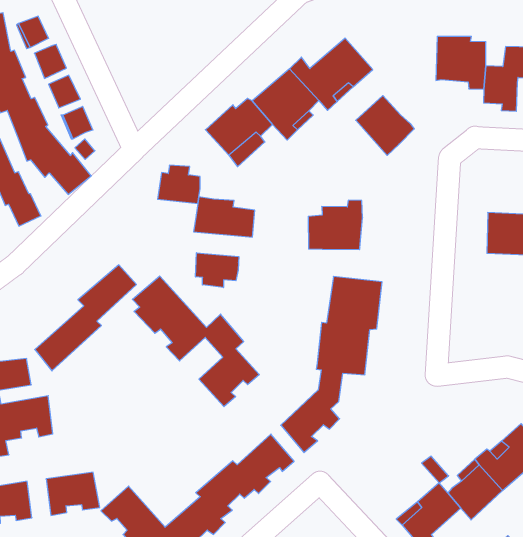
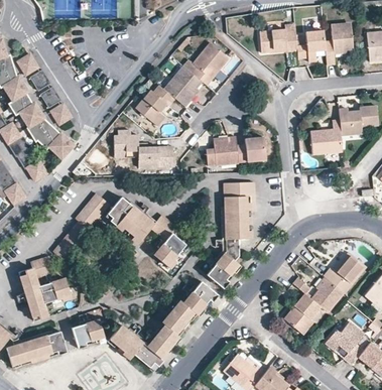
building: [356,96,414,155] -> none
building: none -> [237,137,267,163]
building: [196,253,239,288] -> none

